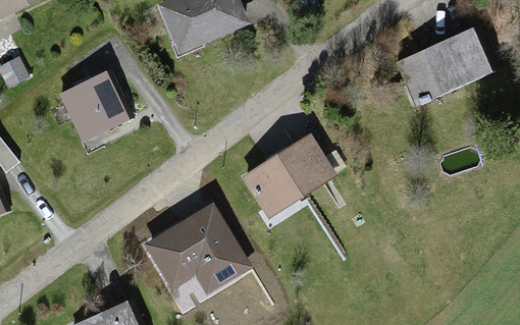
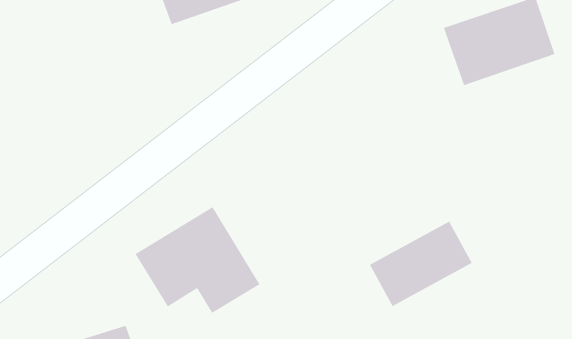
building: [62,76,129,142] -> none
building: [246,140,332,212] -> [369,220,473,307]

